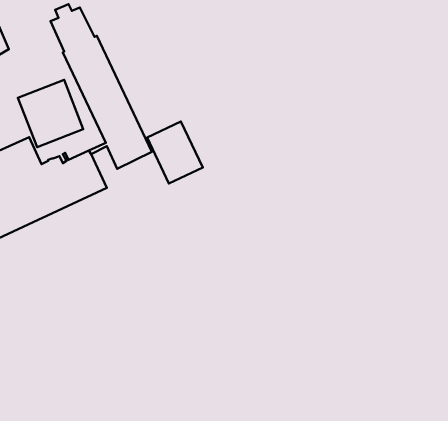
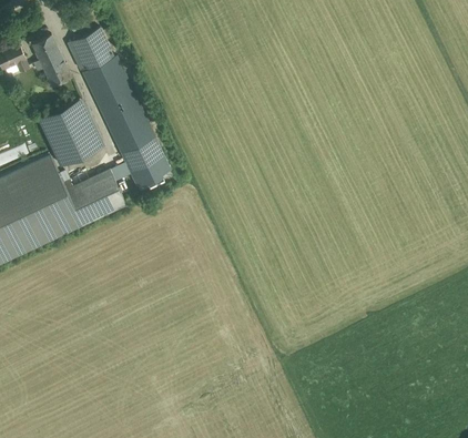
building: none -> [30,34,71,86]
building: [147,121,203,183] -> none

